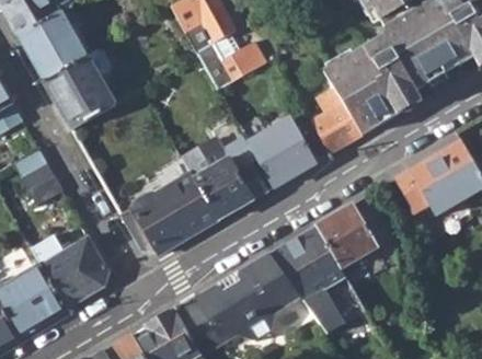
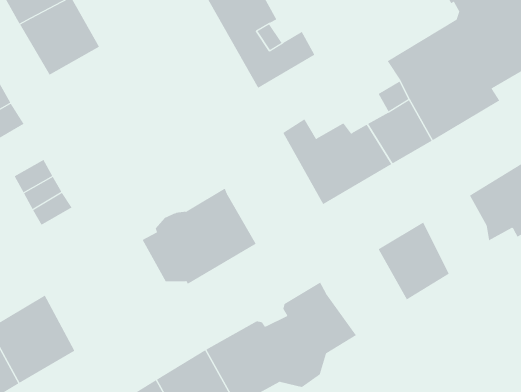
building: [43,47,113,126] -> none
building: [181,136,267,219] -> none
building: [271,223,367,333] -> none
building: [39,233,108,309] -> none

